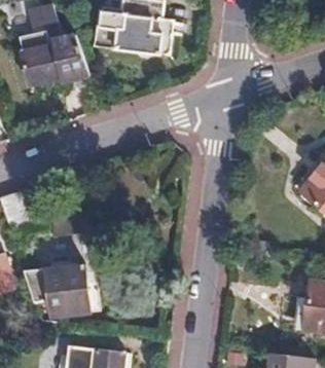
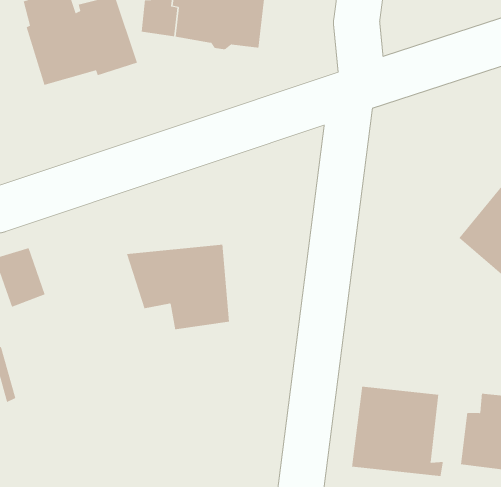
building: [23,262,88,317] -> [126,244,230,330]
building: none -> [352,386,443,477]

